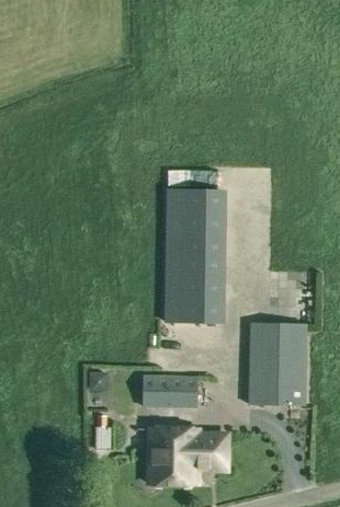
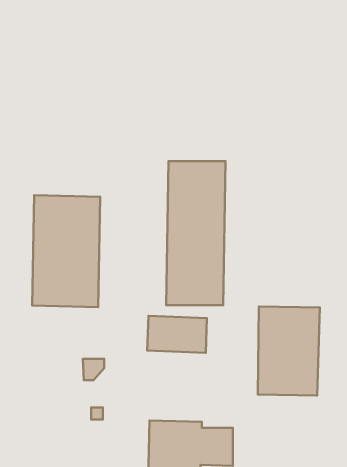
building: none -> [32,195,100,307]
building: [144,373,199,407] -> [147,316,207,353]

